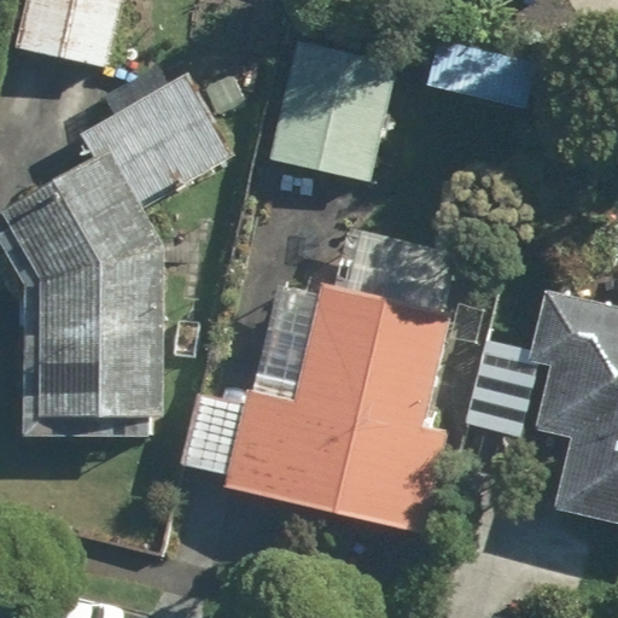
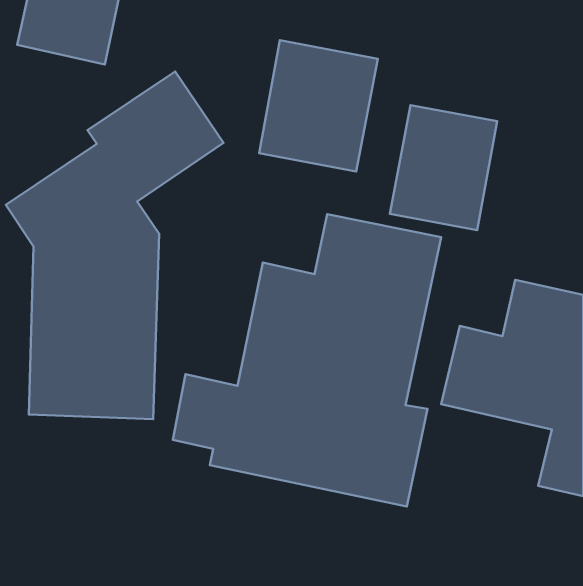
building: none -> [390,105,497,230]

